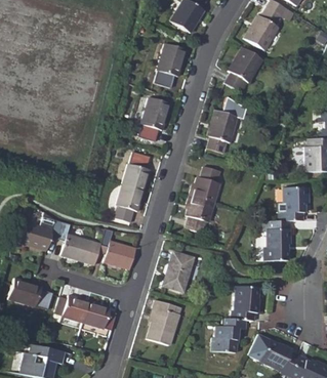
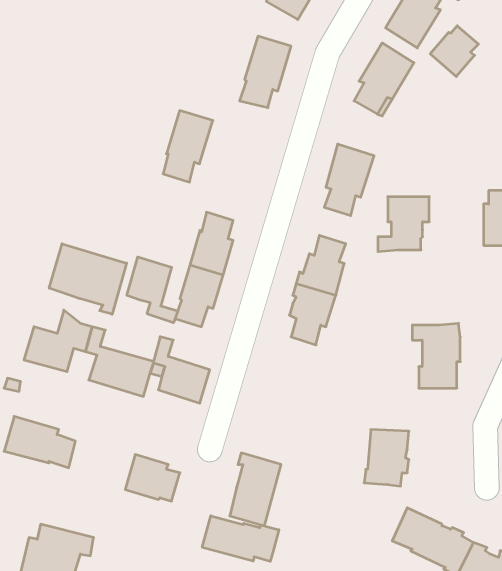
building: none -> [430,26,478,77]
building: [139,97,170,141] -> [163,111,213,182]
building: none -> [49,244,127,314]
building: none -> [127,257,178,323]
building: [278,187,310,221] -> [378,197,429,252]
building: [163,251,194,292] -> none
building: [56,295,90,323] -> none
building: [212,318,246,352] -> none
building: none -> [202,516,279,561]

